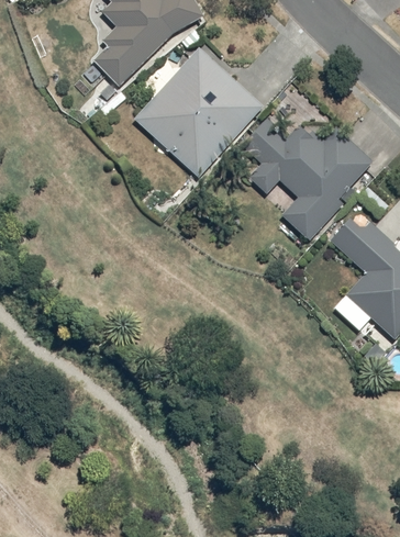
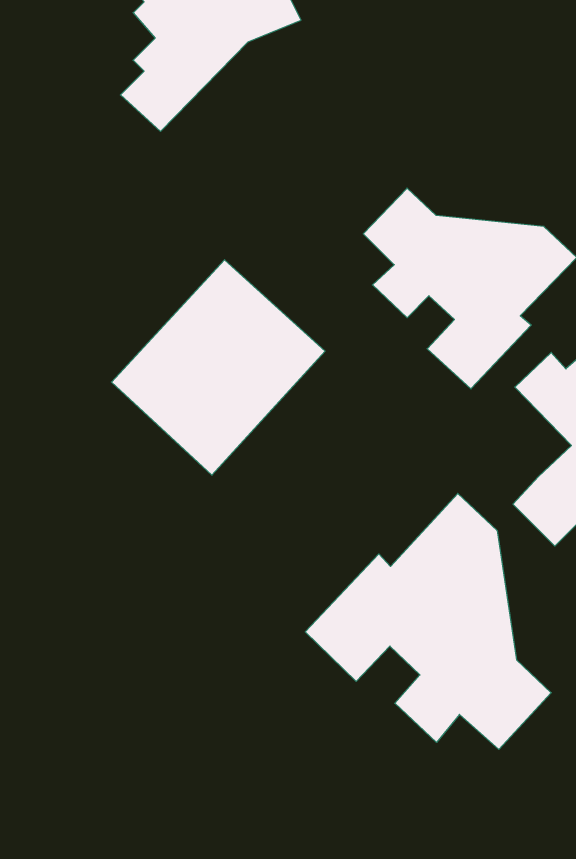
building: [135,47,264,177] -> [111,260,325,475]
building: none -> [305,493,551,749]

